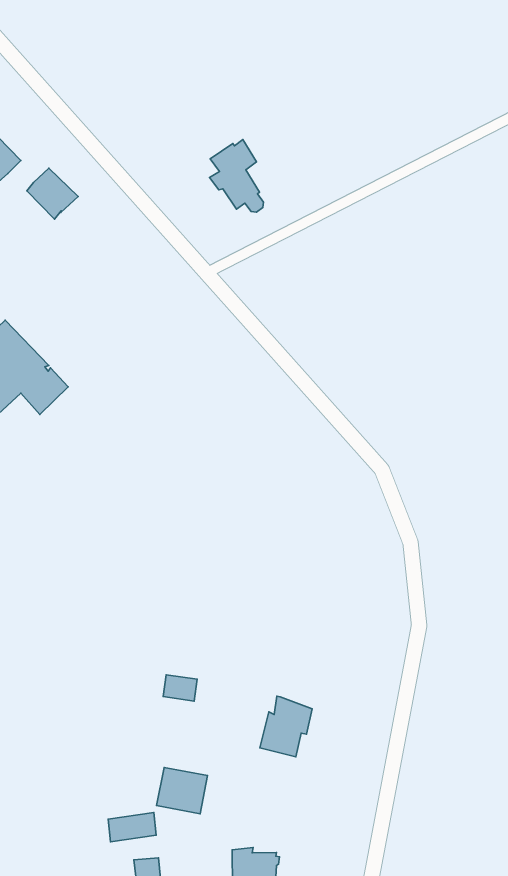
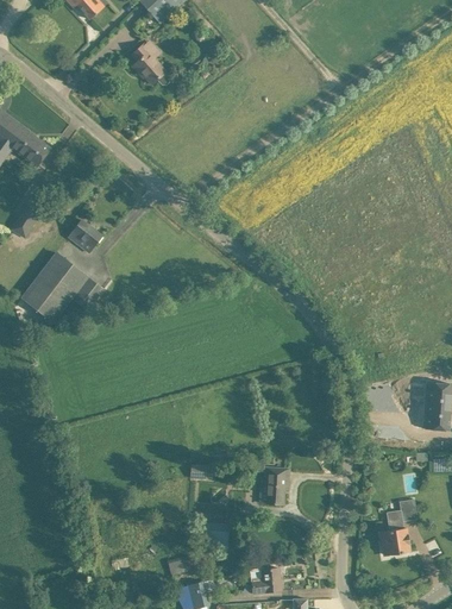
building: [209,139,264,212] -> [131,38,169,83]
building: [27,168,78,219] -> [69,219,102,251]
building: none -> [378,509,409,554]

